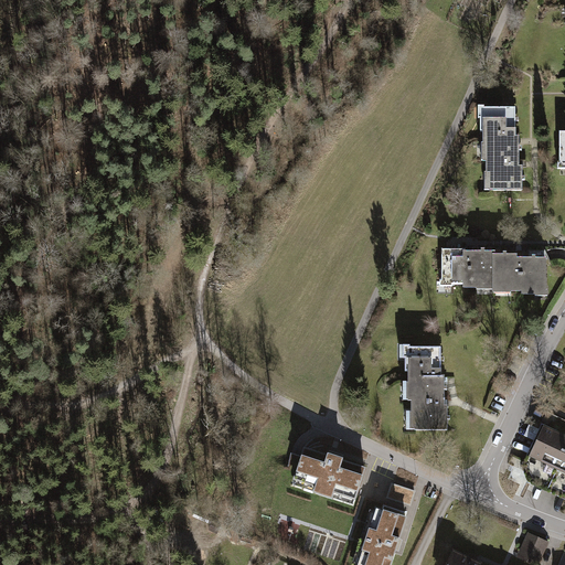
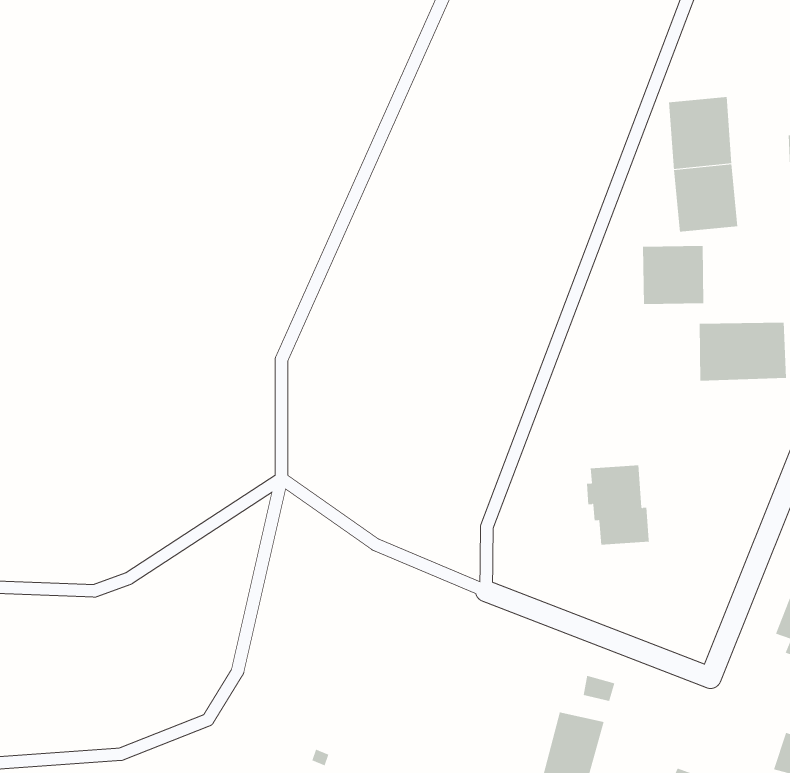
building: [445,250,488,291] -> [642,246,704,304]
building: [412,396,447,427] -> none
building: [295,446,364,495] -> none

